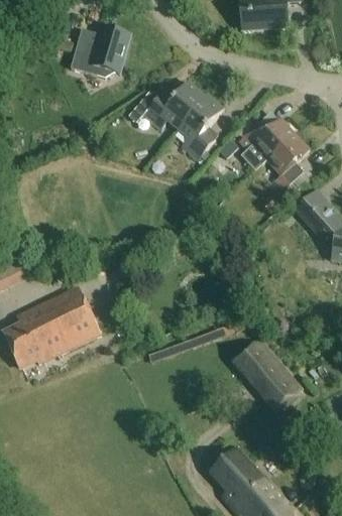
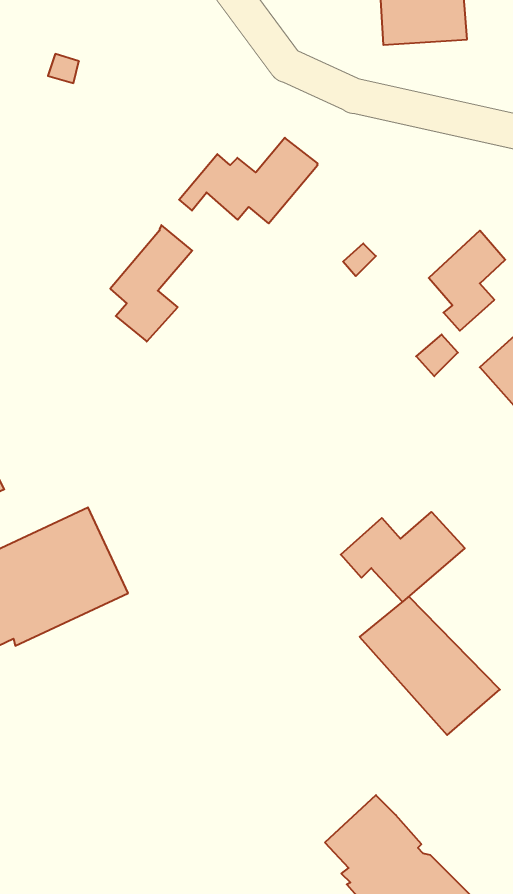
building: [71,26,130,77] -> none
building: [179,94,224,158] -> [110,225,192,342]
building: [239,118,296,171] -> none
building: none -> [341,512,465,602]

